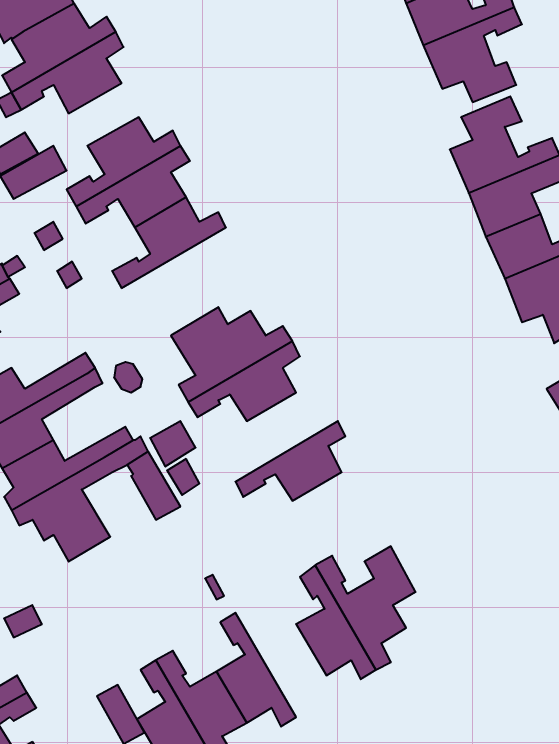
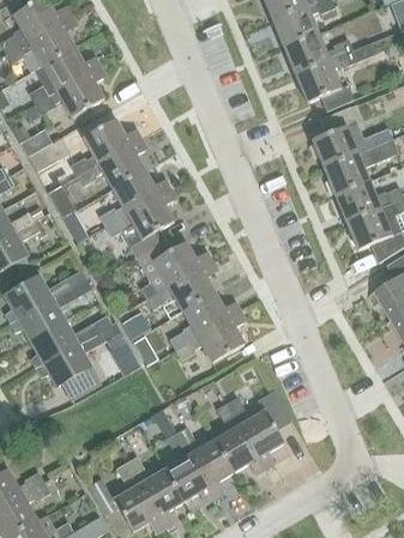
building: none -> [104,189,176,258]
building: none -> [169,294,241,350]
building: none -> [176,427,234,498]

